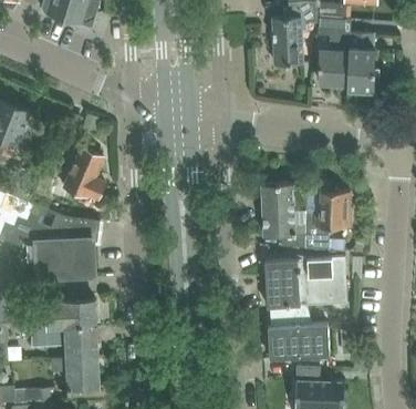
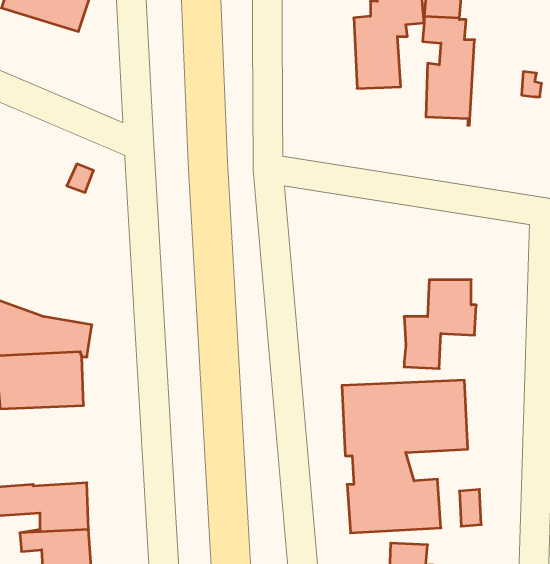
building: [349,32,375,90] -> none
building: [64,147,105,198] -> none
building: [262,183,306,245] -> none
building: [60,299,96,327] -> none

